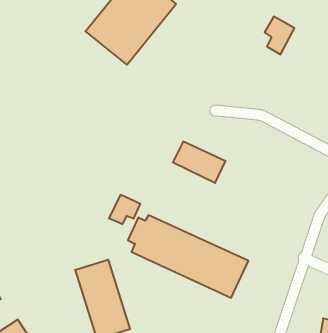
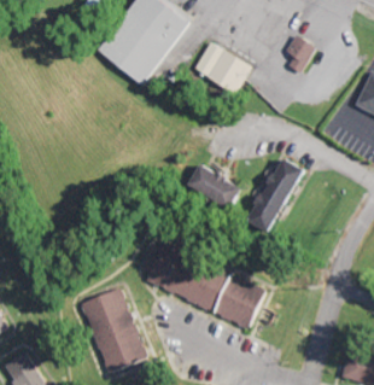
building: none -> [189,41,250,92]
building: none -> [247,156,305,232]
building: [109,195,140,224] -> none

